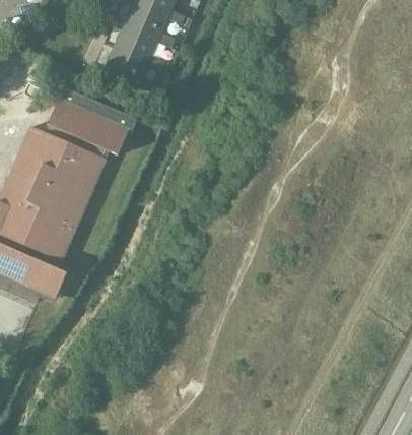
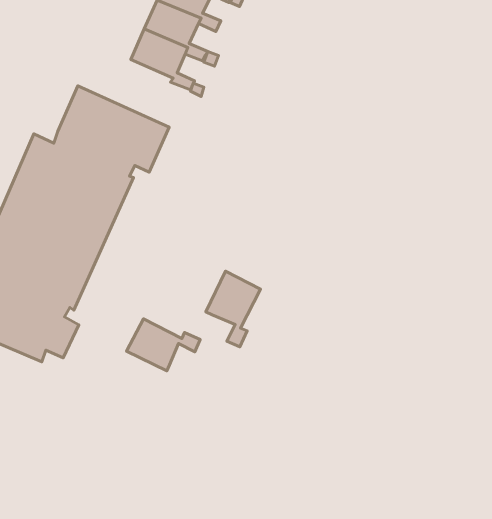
building: none -> [206,271,260,347]
building: none -> [127,319,200,371]

